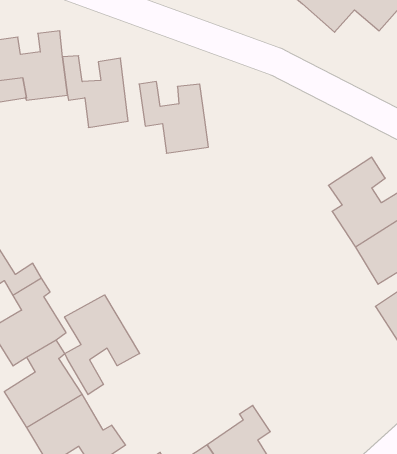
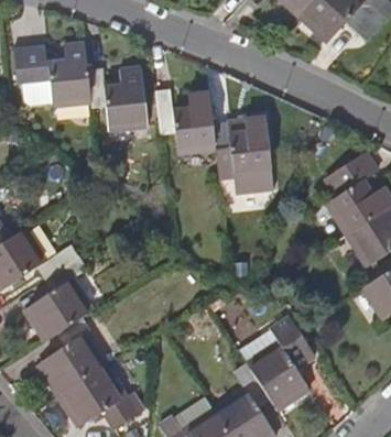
building: none -> [213,114,270,176]
building: [65,295,140,395] -> none
building: none -> [248,324,312,412]

